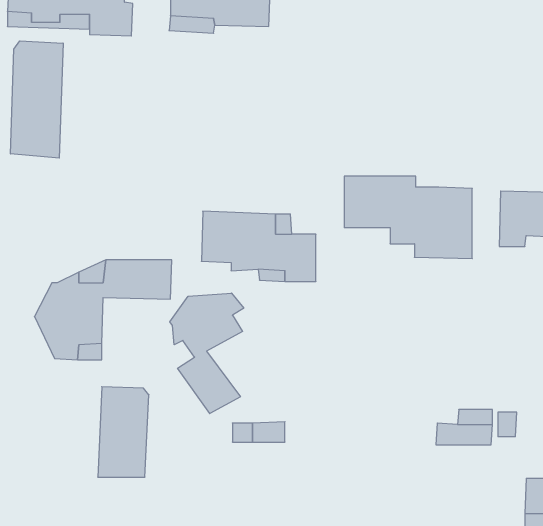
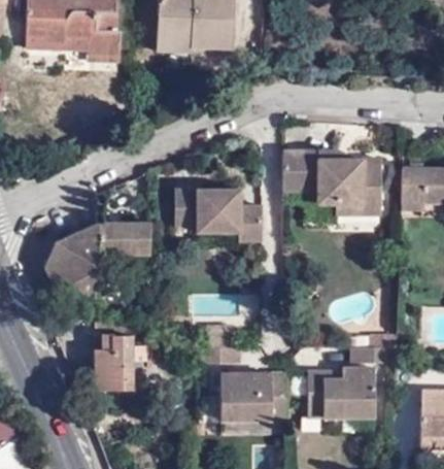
building: [11,41,63,158] -> none
building: [170,293,244,414] -> none
building: none -> [305,368,372,417]
building: none -> [217,375,285,422]

